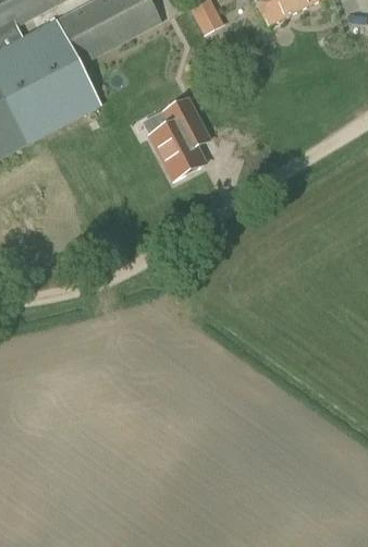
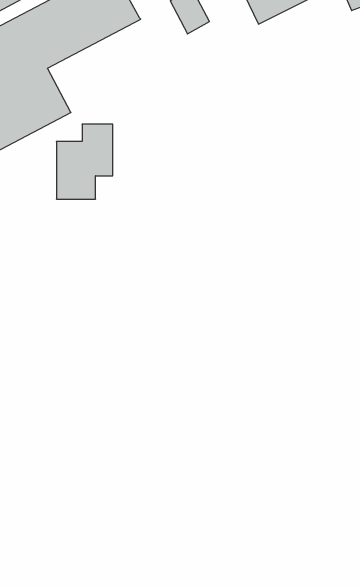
building: [156,107,206,173] -> [56,124,113,199]

